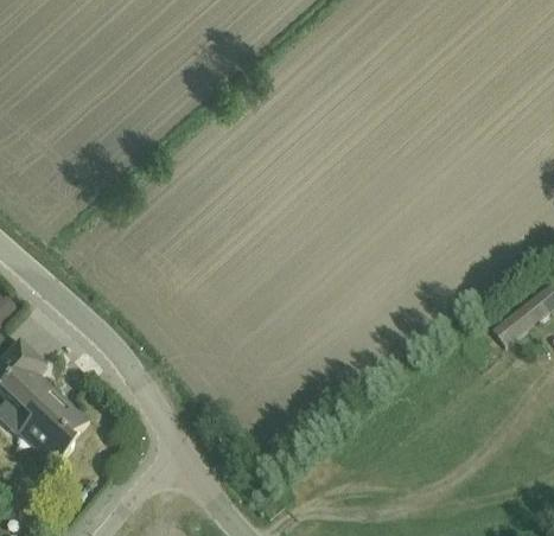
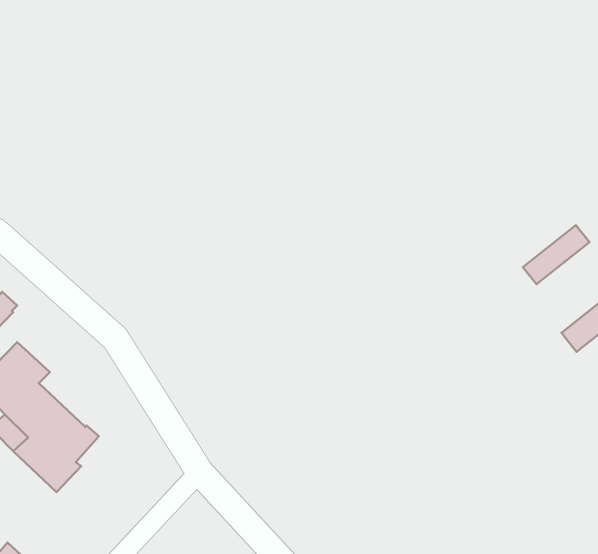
building: none -> [523,225,589,284]

